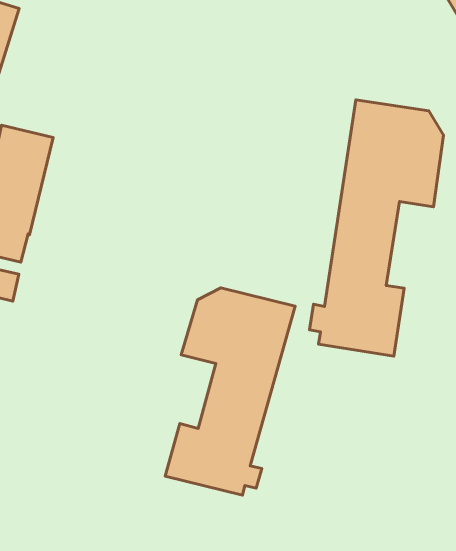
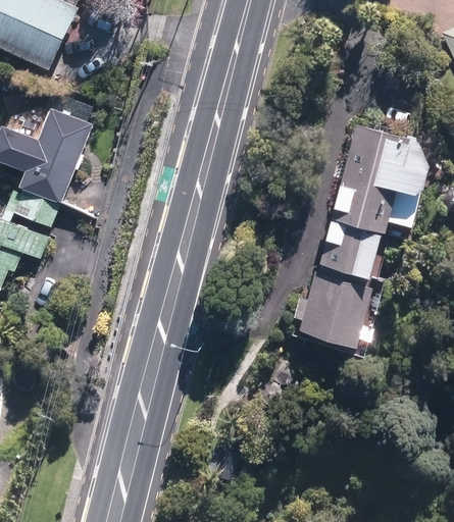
building: [165,288,295,495] -> none

